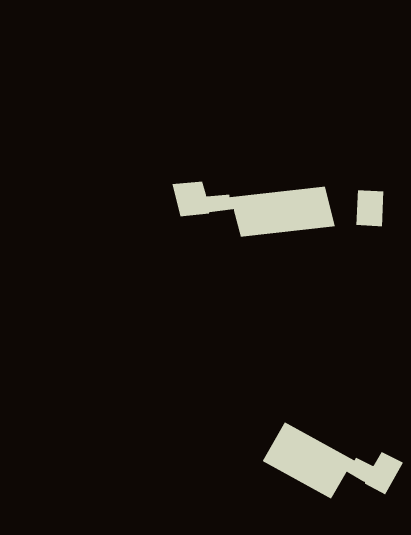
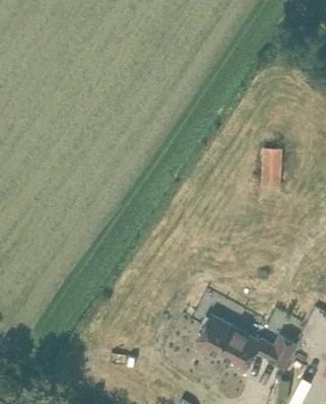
building: [172,181,336,238] -> none

